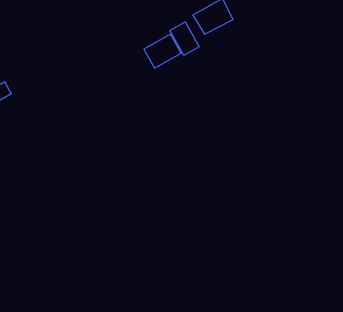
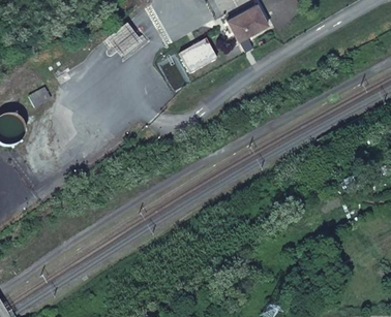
building: [170,22,199,55] -> none

